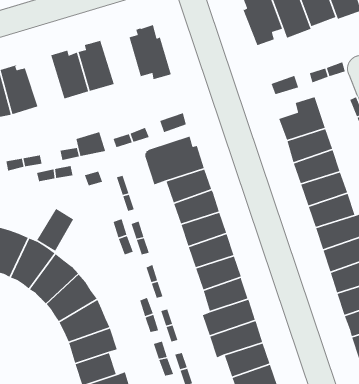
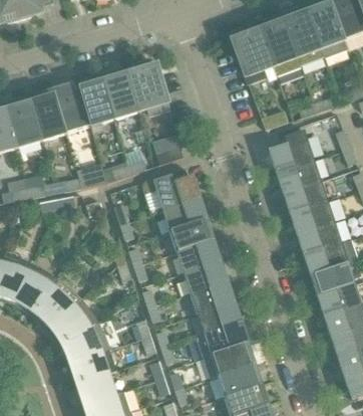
building: none -> [100,71,137,119]
building: none -> [29,90,65,140]
building: [36,208,74,252] -> none

